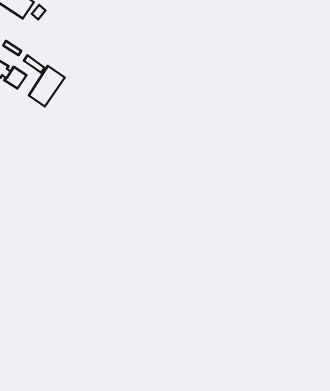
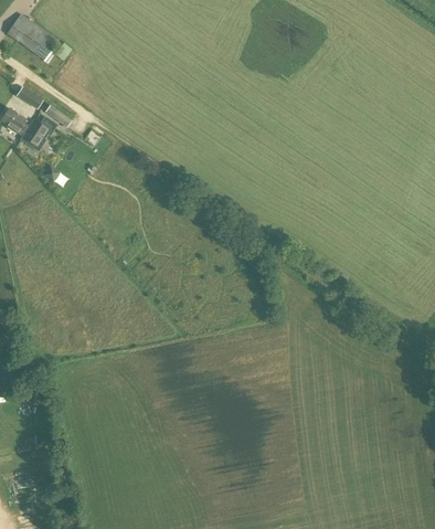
building: [29,66,65,106] -> none

